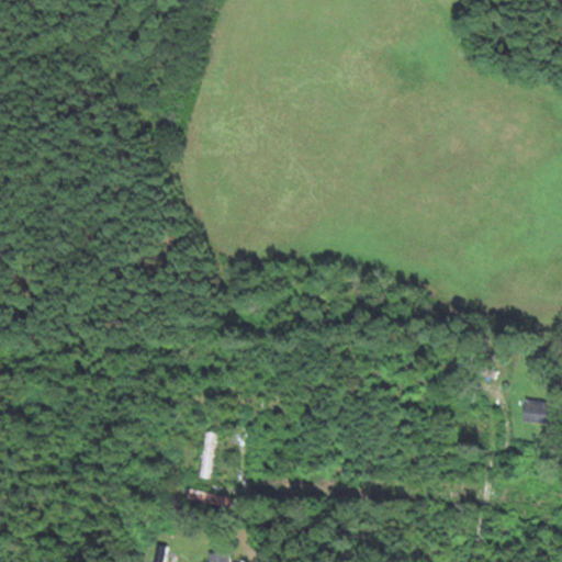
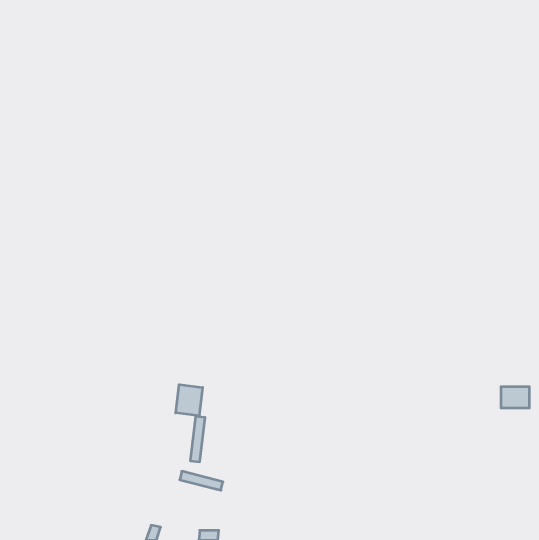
building: none -> [176,385,203,416]

